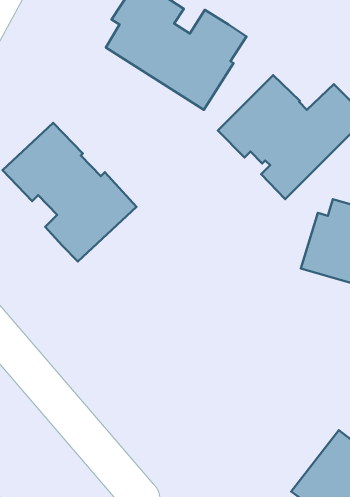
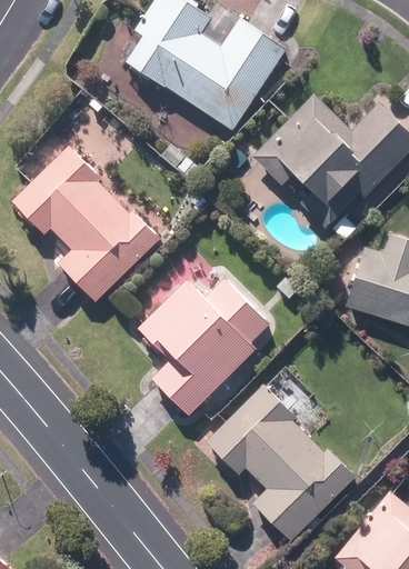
building: none -> [137,278,269,418]
building: none -> [203,383,355,542]

